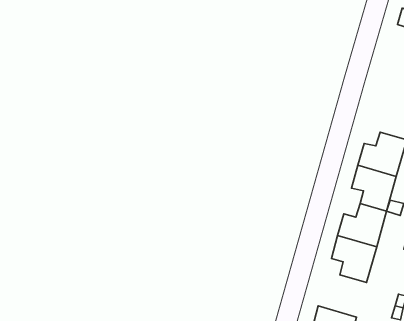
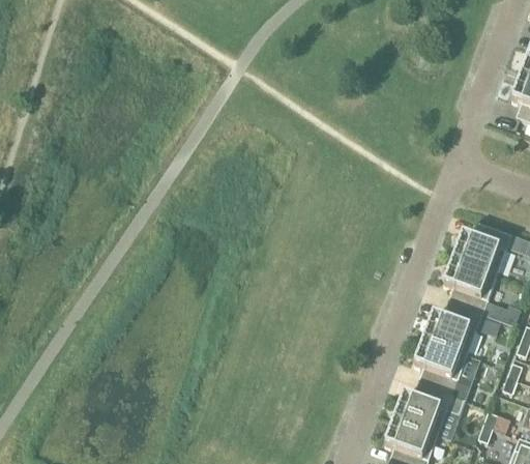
building: none -> [393,386,464,437]

